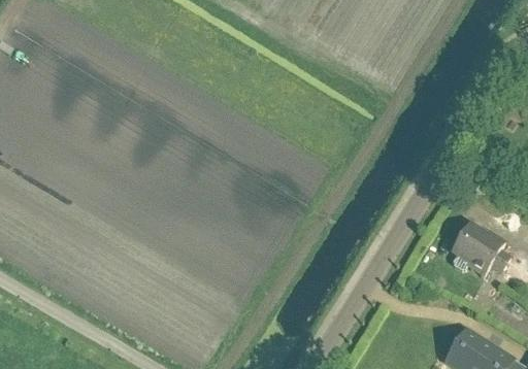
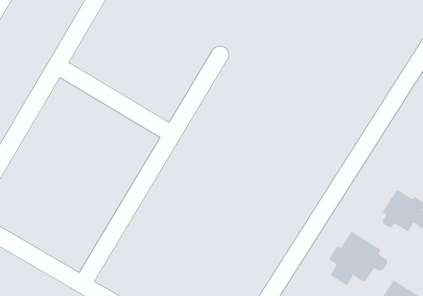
building: none -> [328,231,388,286]

